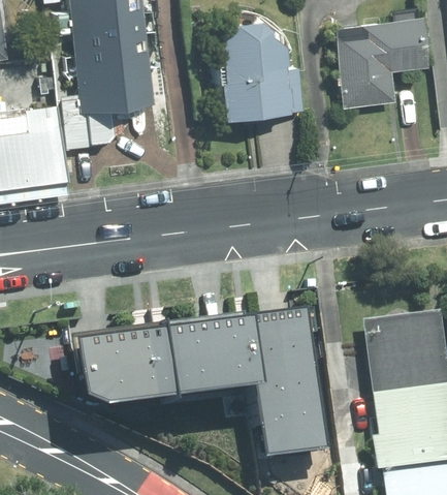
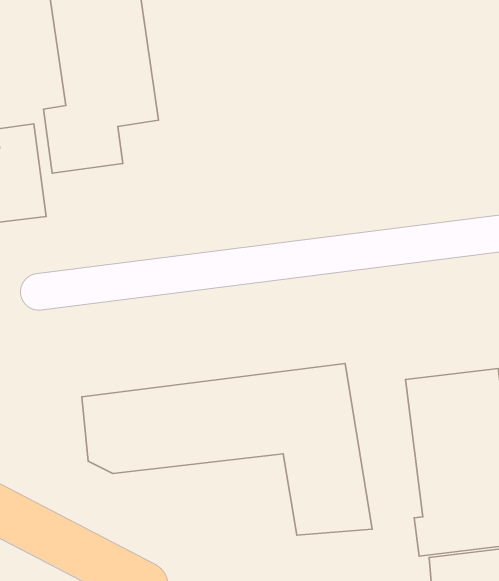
building: [331,17,426,109] -> none
building: [211,22,307,120] -> none

